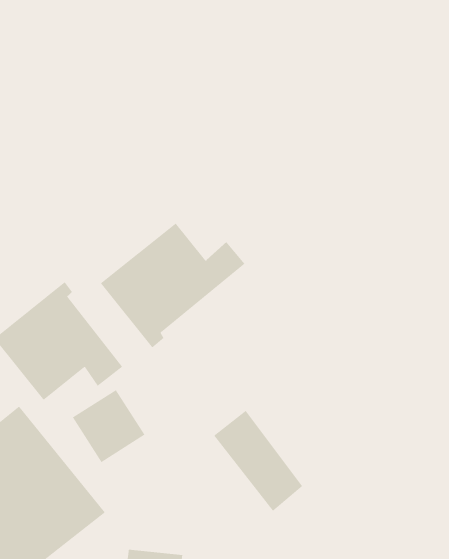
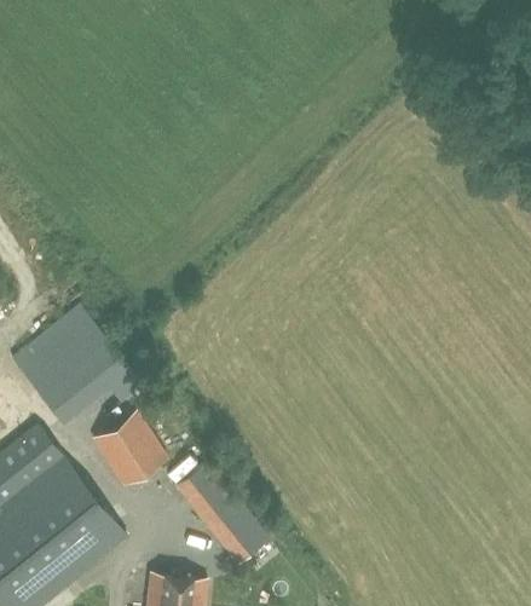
building: [100,222,246,348] -> none
building: [213,410,303,512] -> [175,458,269,564]

